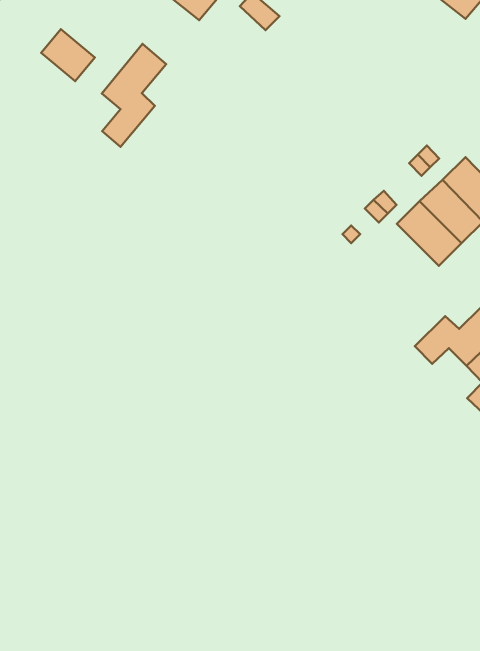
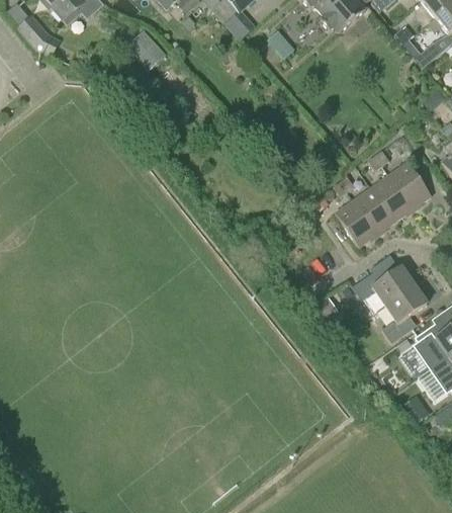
building: [102,44,166,147] -> none
building: none -> [335,200,377,247]

